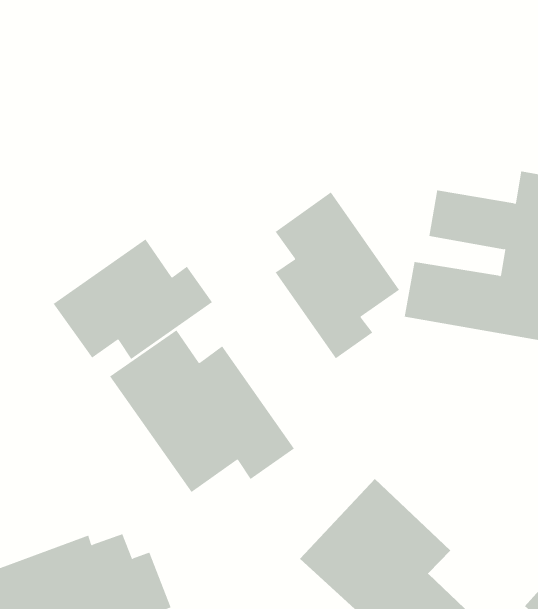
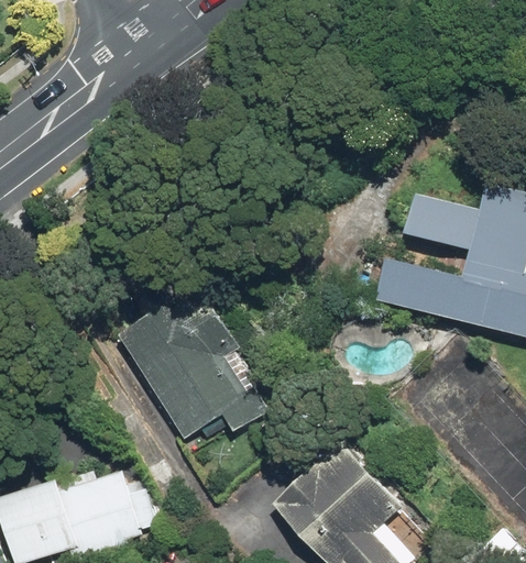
building: [275,191,400,359] -> none
building: [53,239,213,360] -> none

